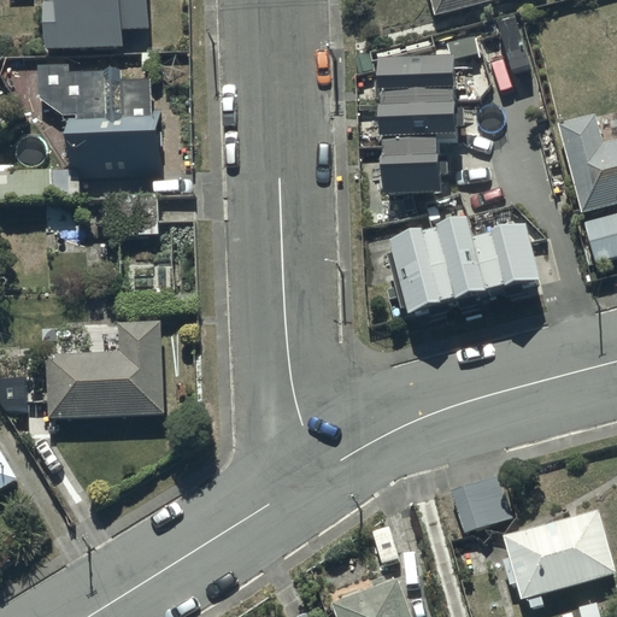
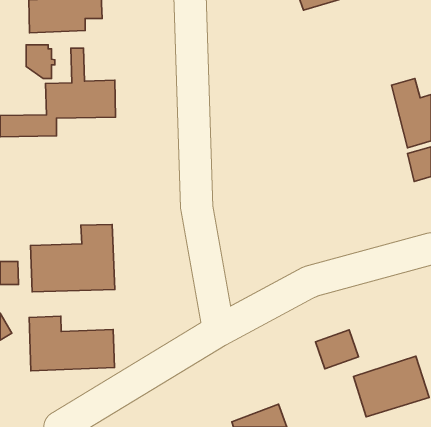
building: [377,57,453,195] -> none
building: [387,222,537,316] -> none
building: none -> [29,316,114,371]

